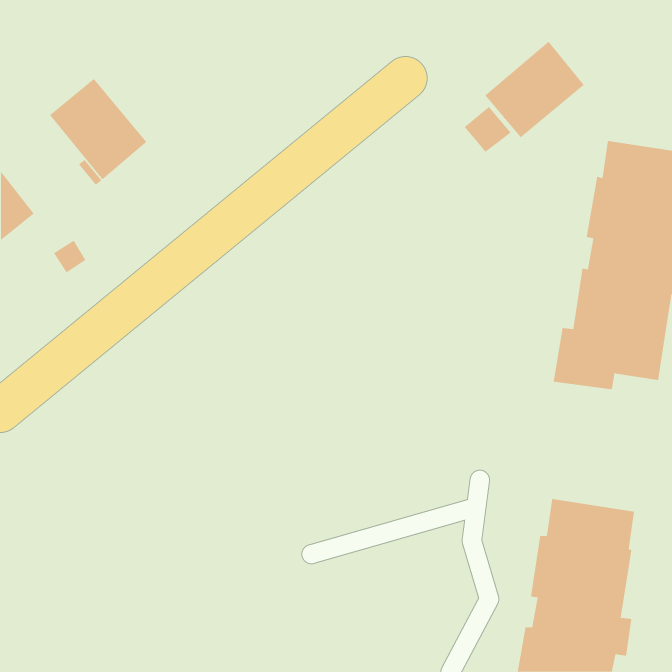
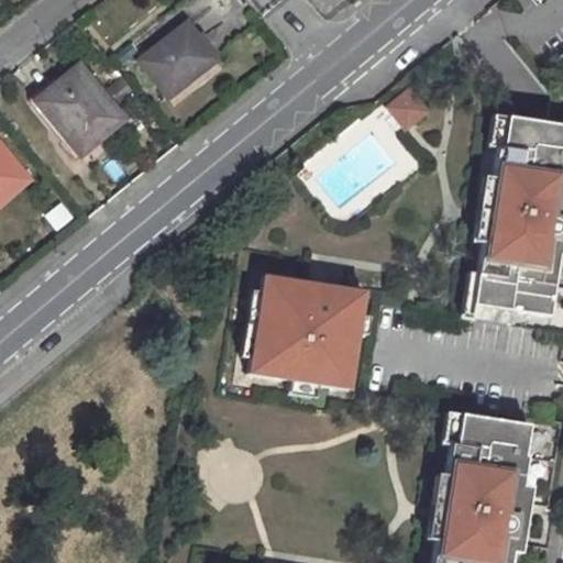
building: none -> [143,21,219,95]
building: [484,41,585,138] -> none
building: none -> [250,273,367,387]

